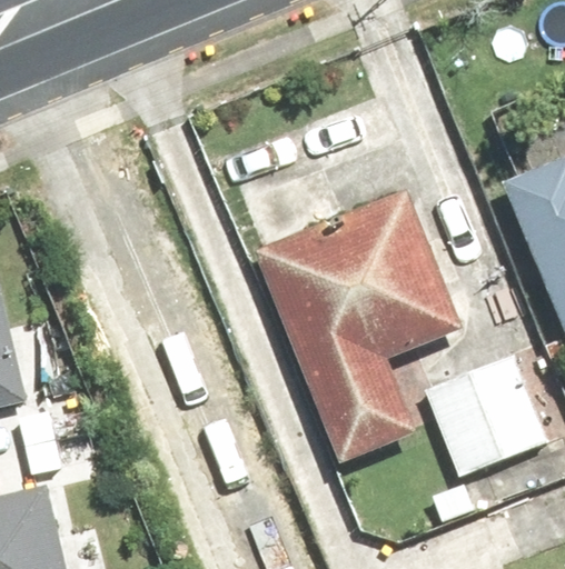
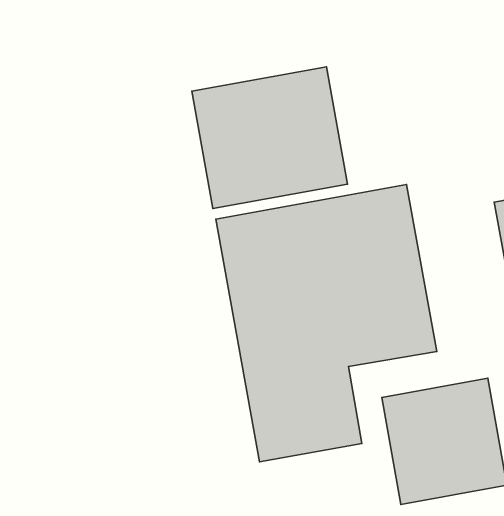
building: none -> [192,67,347,209]

